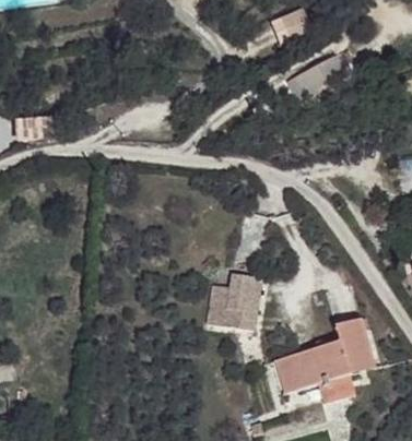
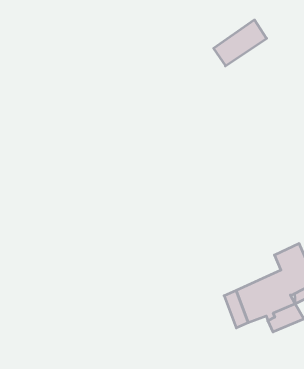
building: [202,275,264,337] -> none

